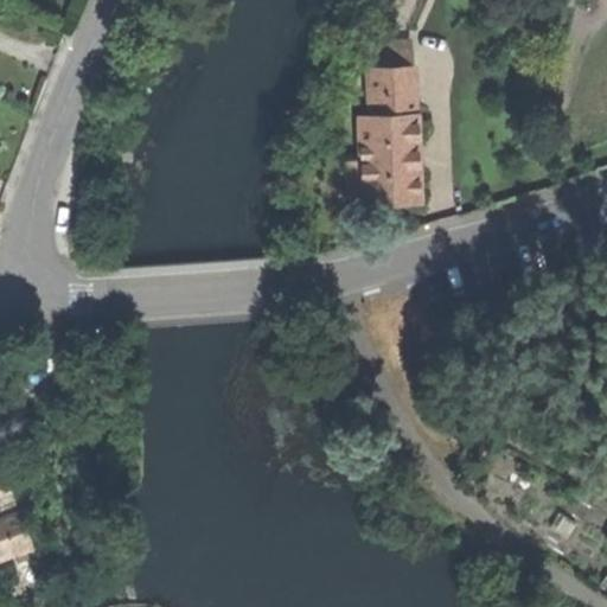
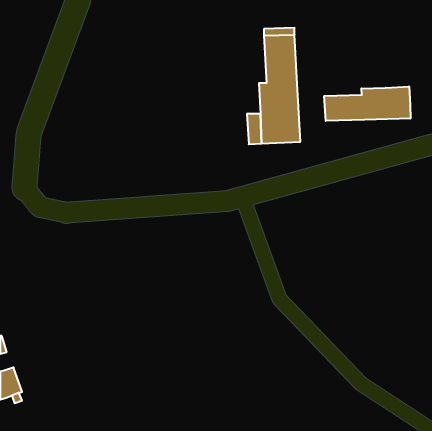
building: none -> [324,86,410,121]

